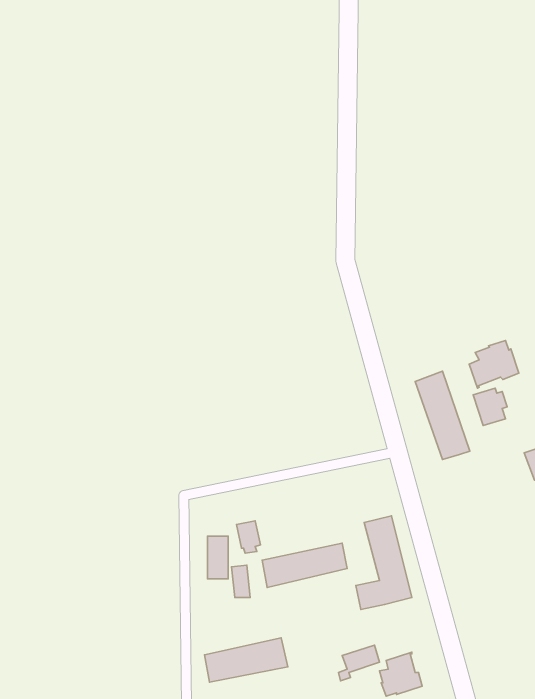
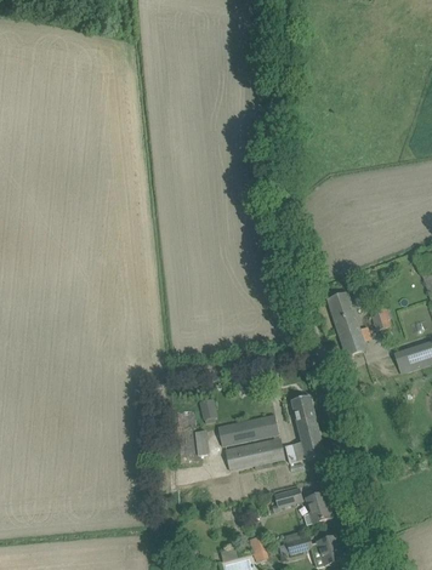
building: [469,340,519,388] -> none
building: [205,638,288,682] -> [224,437,284,468]

